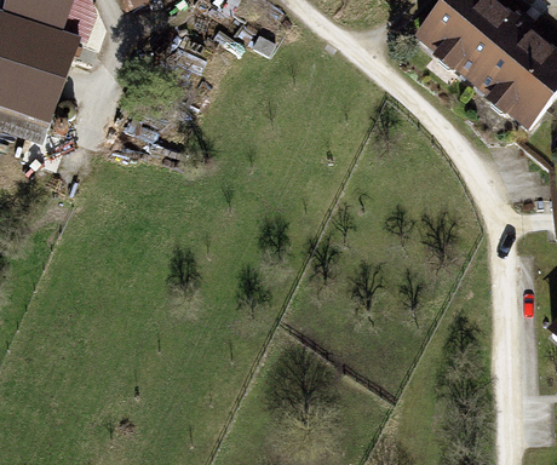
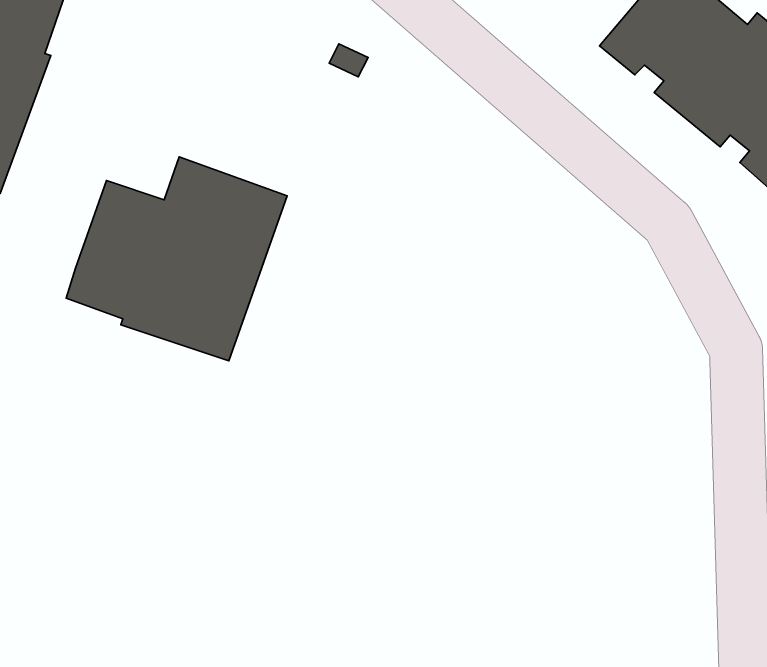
building: none -> [66,157,287,361]

